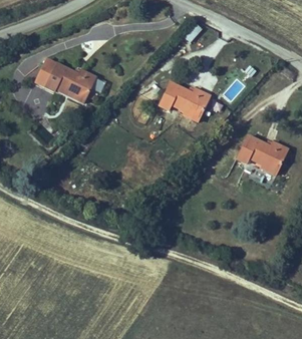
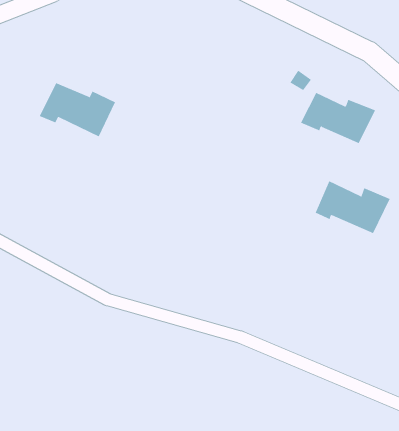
building: [158,82,212,119] -> [300,92,376,144]

